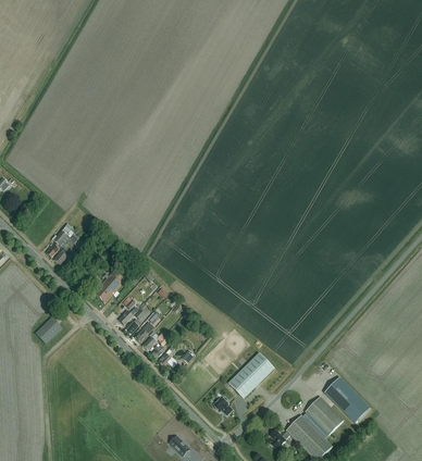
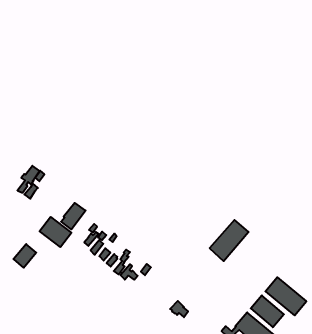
building: none -> [40,217,71,247]
building: [228,352,275,399] -> [210,220,249,261]

